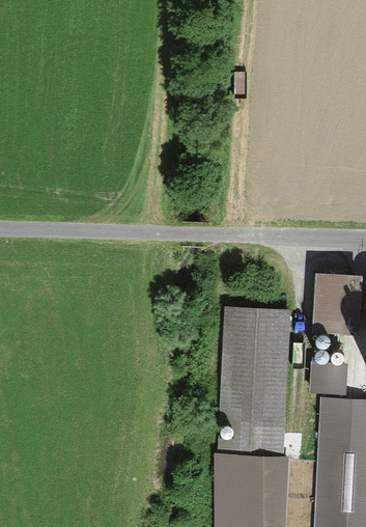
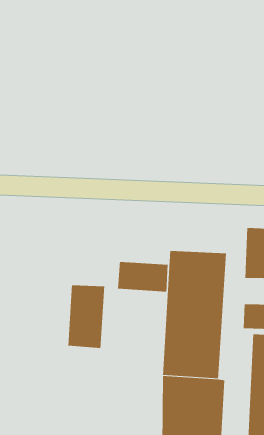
building: none -> [117,261,168,292]
building: none -> [68,284,105,349]

